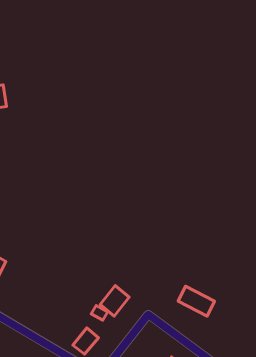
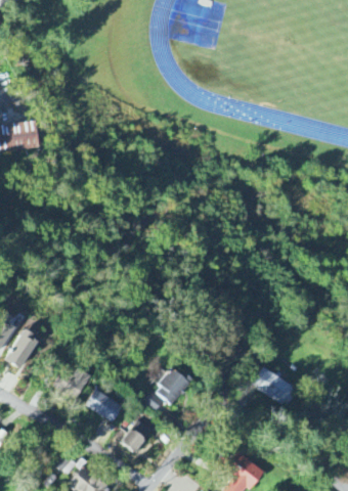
building: none -> [53,367,89,397]
building: none -> [85,389,123,421]

